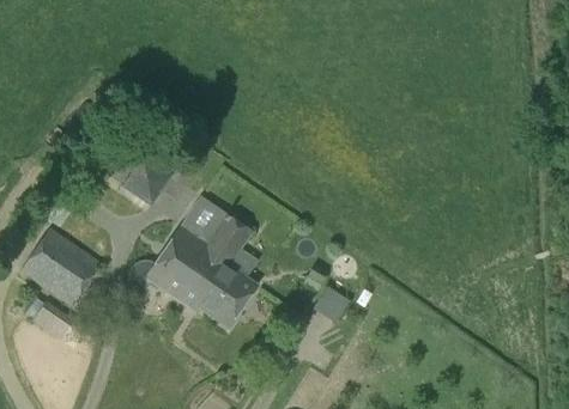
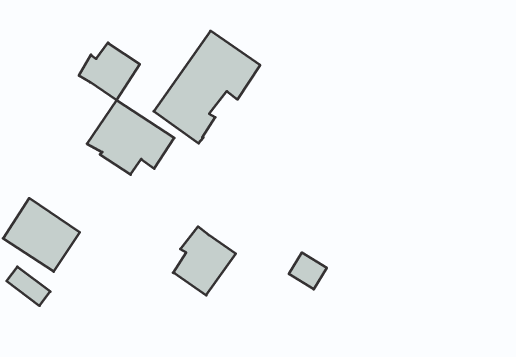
building: none -> [79,43,140,100]
building: [144,197,252,311] -> [154,31,260,143]

